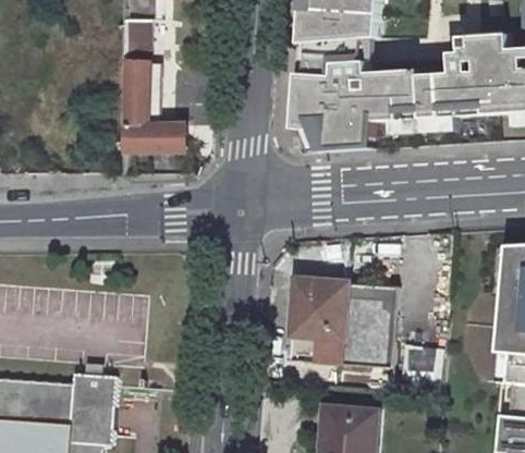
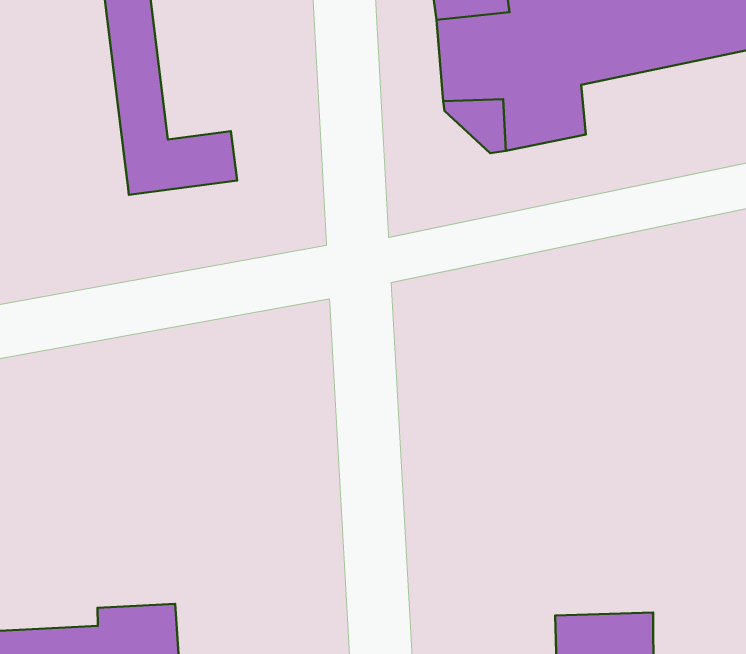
building: [291,279,403,370] -> none

